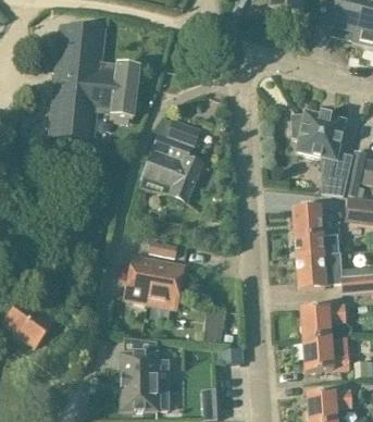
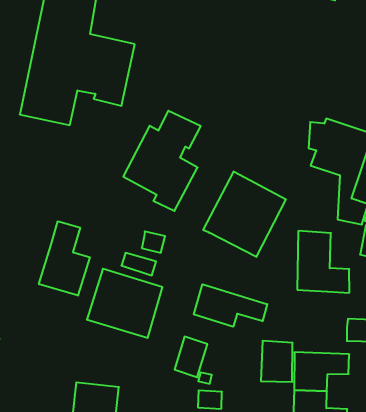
building: none -> [203,171,286,257]
building: none -> [39,221,90,296]
building: [297,255,325,289] -> [261,341,293,382]
building: none -> [194,284,267,327]

